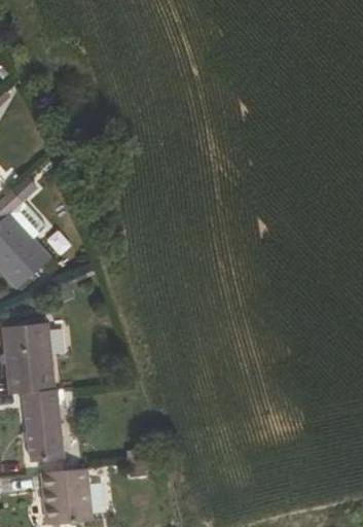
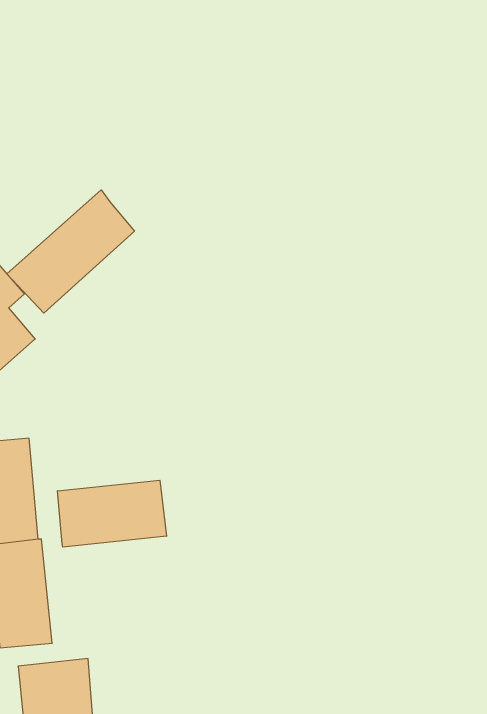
building: none -> [7,190,134,313]
building: none -> [58,480,167,547]

